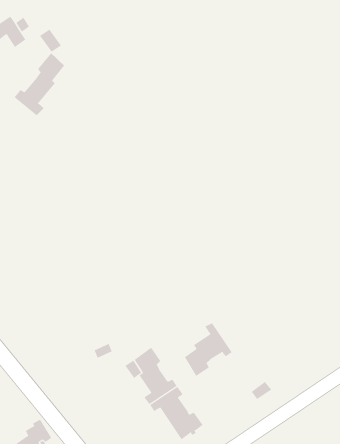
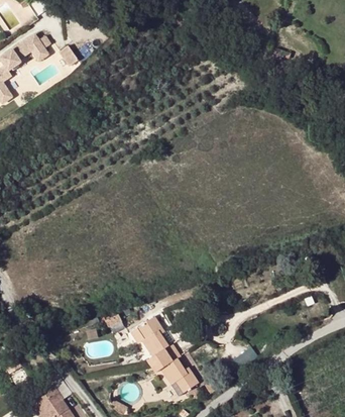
building: [14,52,65,116] -> none
building: [184,322,232,377] -> none

